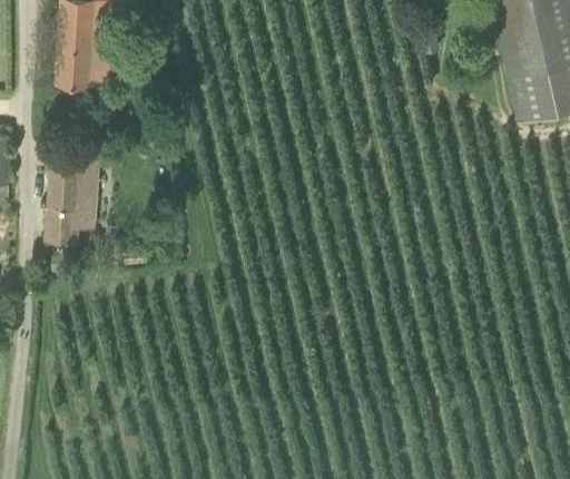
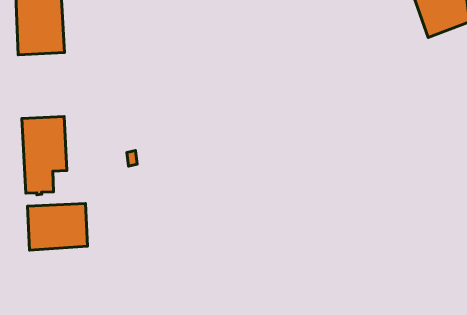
building: none -> [27,203,88,250]

